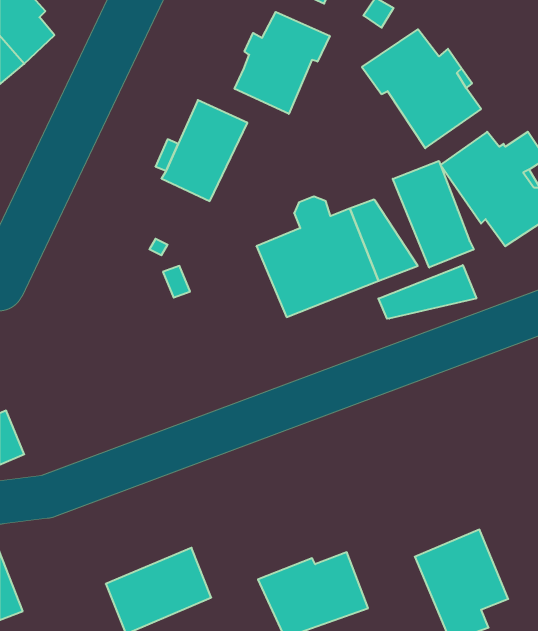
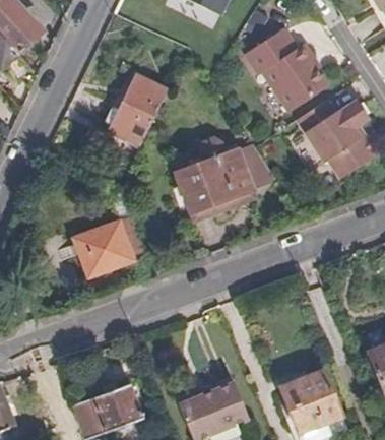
building: [235,12,330,114] -> none
building: [393,161,474,268] -> none
building: [378,265,476,319] -> none
building: none -> [73,216,145,276]

